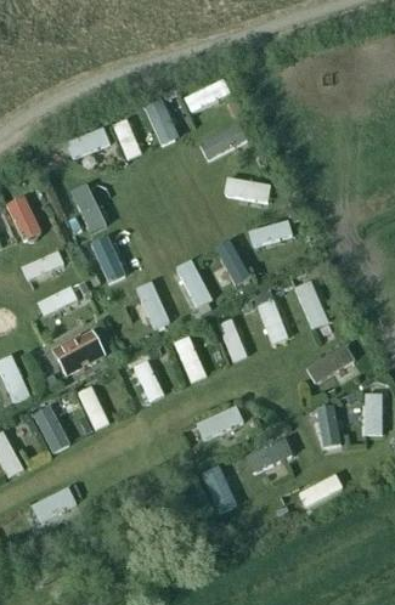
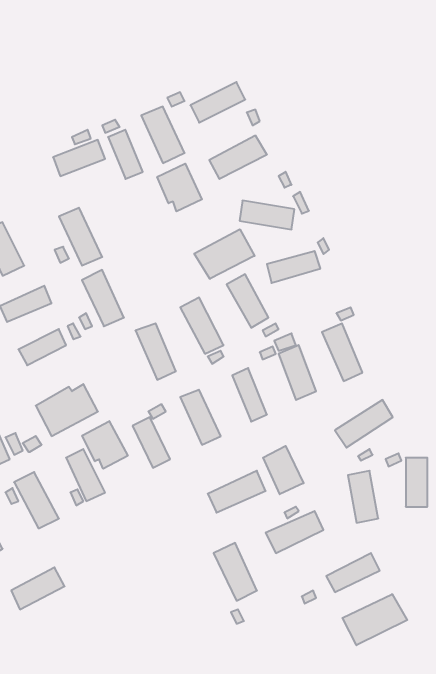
building: none -> [157,164,202,211]
building: none -> [194,229,255,279]
building: none -> [82,421,128,469]
building: none -> [263,446,304,494]
building: none -> [342,594,407,645]

